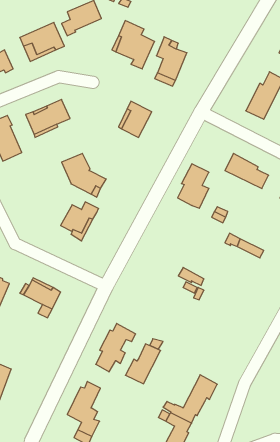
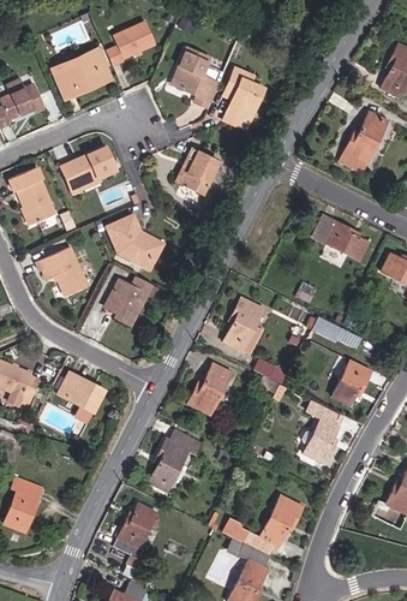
building: [178,164,209,208] -> [223,298,263,355]
building: none -> [35,246,88,297]
building: none -> [333,361,371,405]
building: none -> [301,401,341,464]
building: [125,344,161,384] -> [187,364,232,415]

